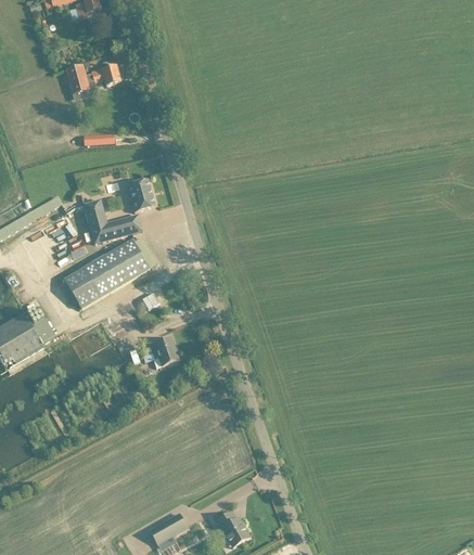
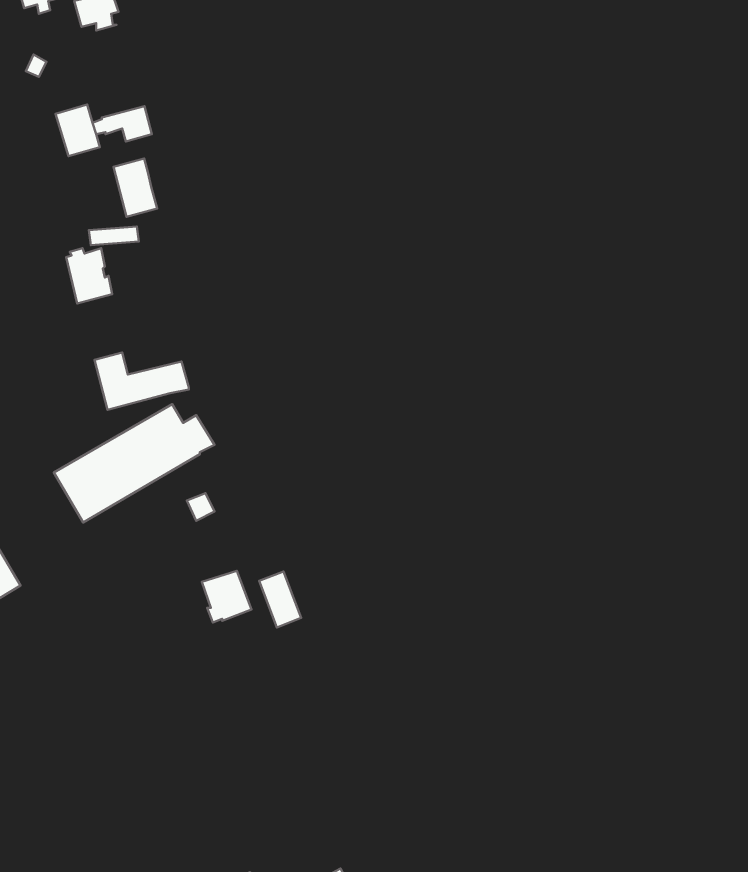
building: none -> [114,159,157,217]
building: [127,178,154,210] -> [66,248,112,304]
building: none -> [259,571,301,627]

